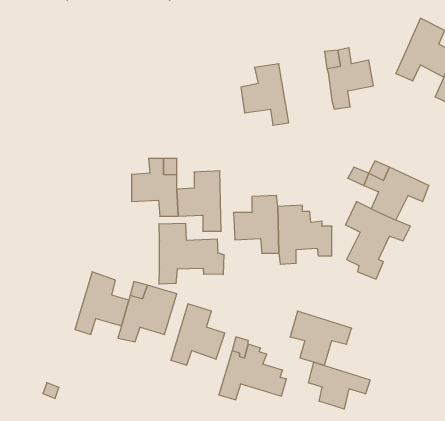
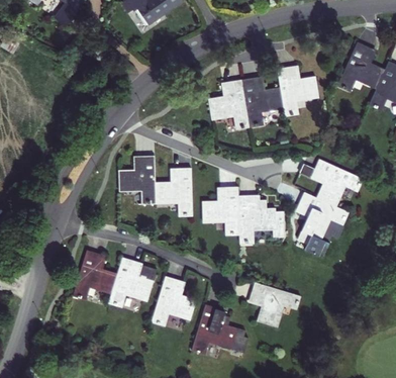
building: none -> [240,76,284,127]
building: [159,223,224,284] -> none
building: [308,362,370,409] -> none

